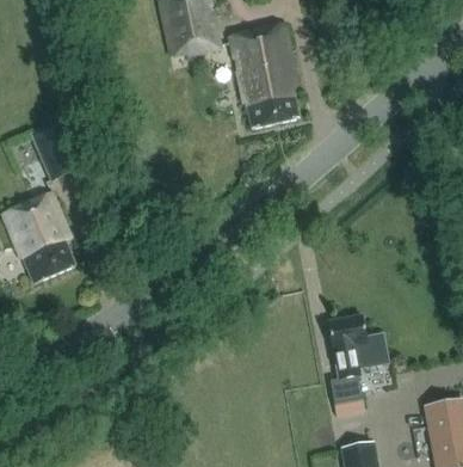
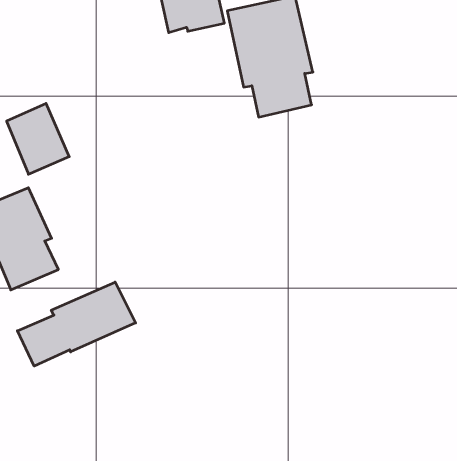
building: none -> [17,282,136,366]
building: [328,315,385,405] -> none

